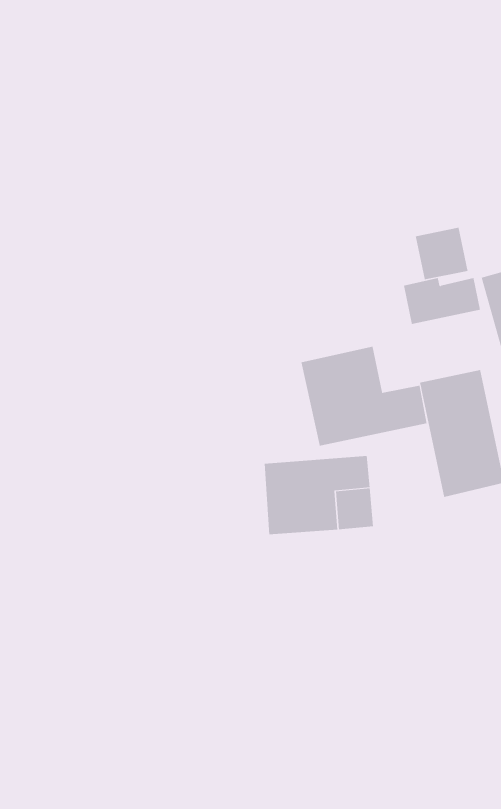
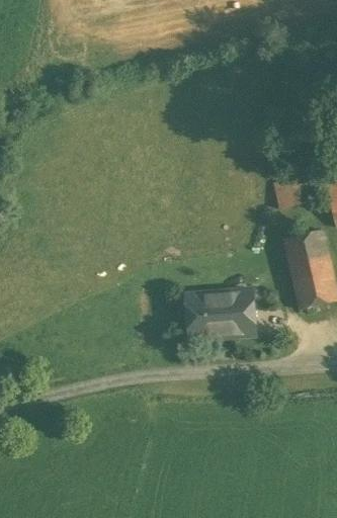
building: [415,227,468,280] -> none
building: [301,346,427,447] -> none

